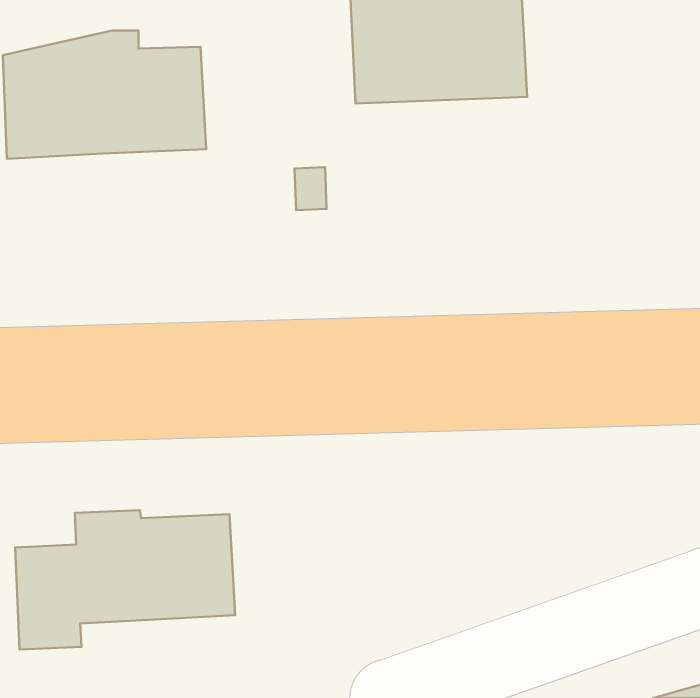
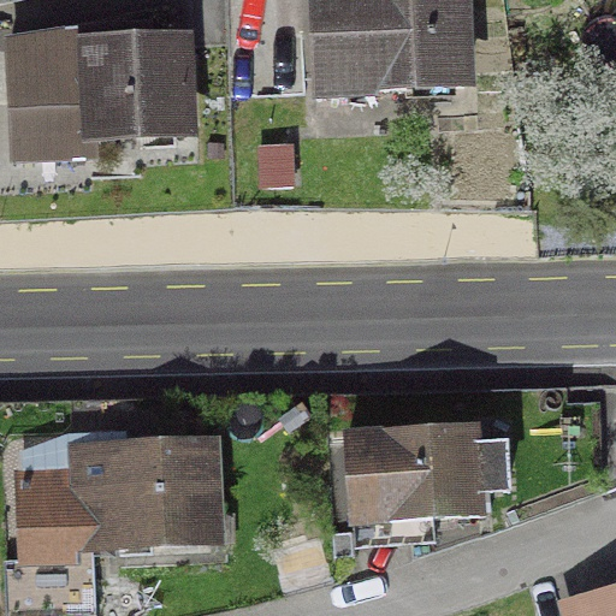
building: none -> [348,427,508,523]

